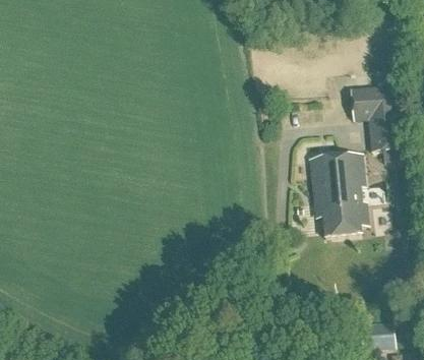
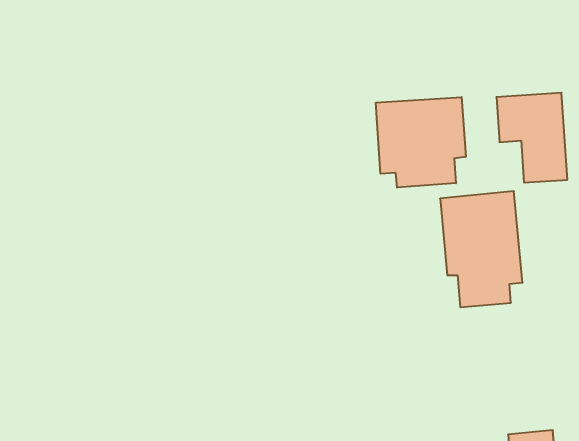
building: none -> [376,97,466,188]

